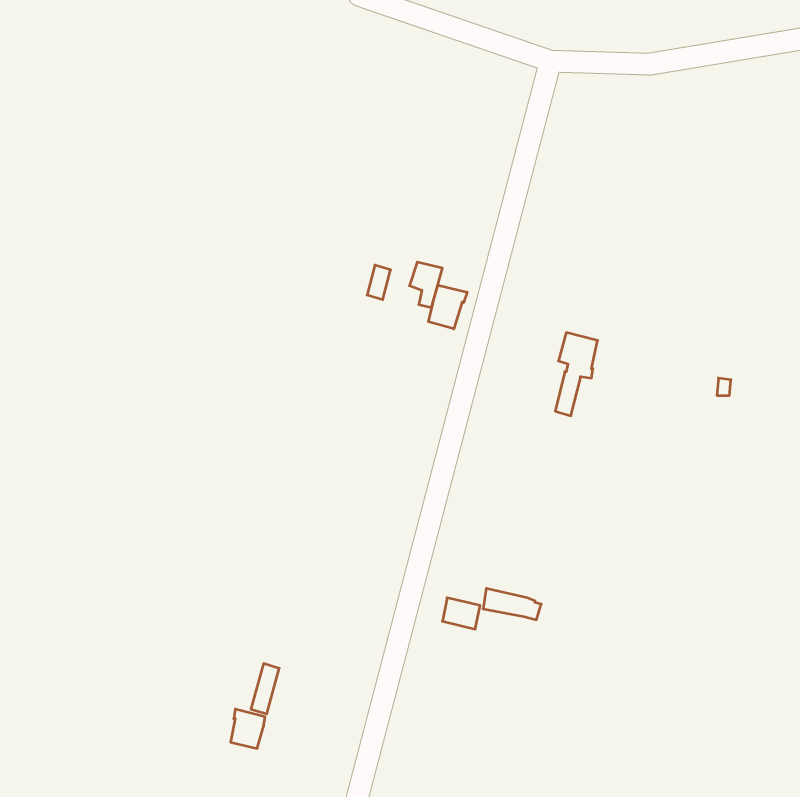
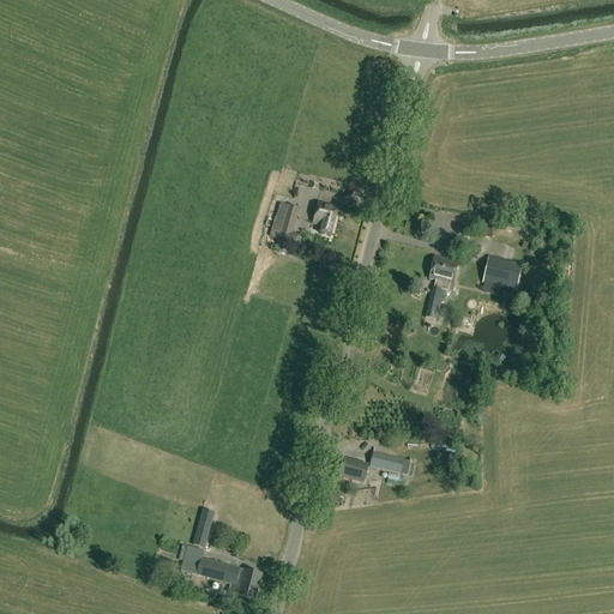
building: [428,285,467,329] -> none
building: none -> [481,255,522,294]
building: none -> [197,555,261,597]

